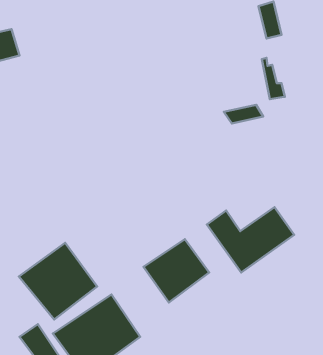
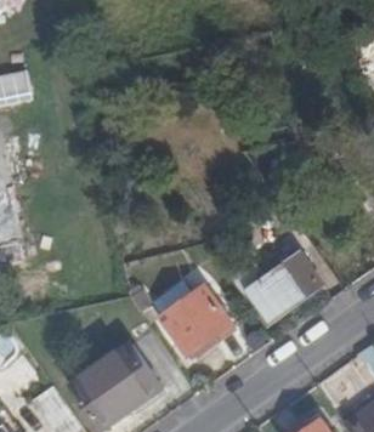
building: [19,243,97,320] -> none

